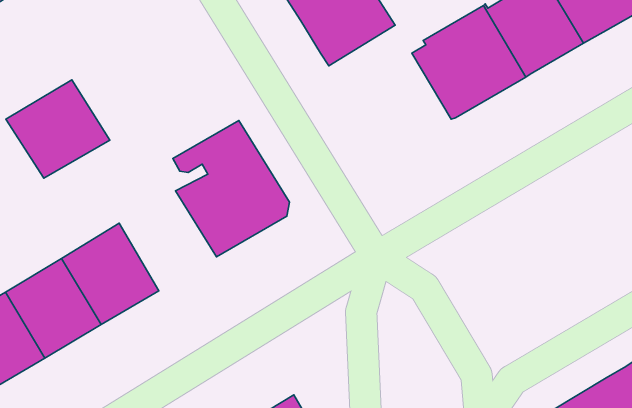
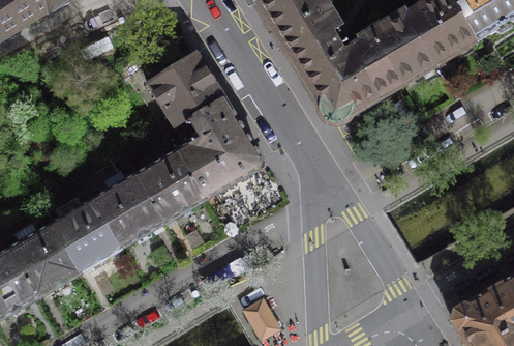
building: none -> [290,27,380,122]
building: [6,80,110,178] -> [147,53,223,125]
building: none -> [135,149,207,223]

